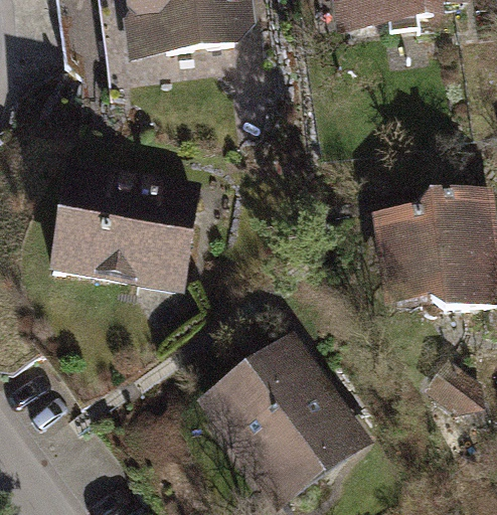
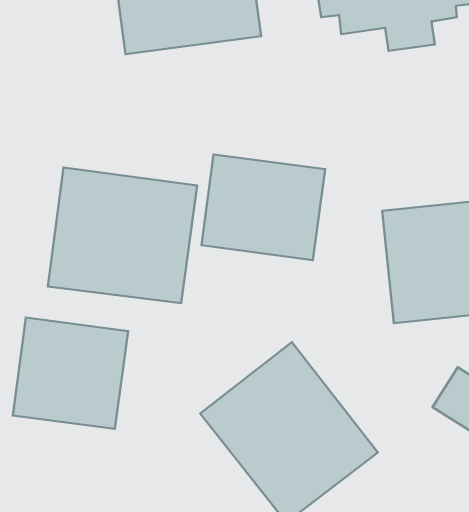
building: none -> [201,154,325,260]
building: none -> [13,318,128,429]

